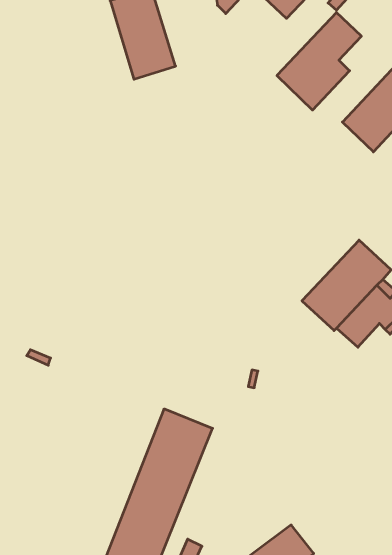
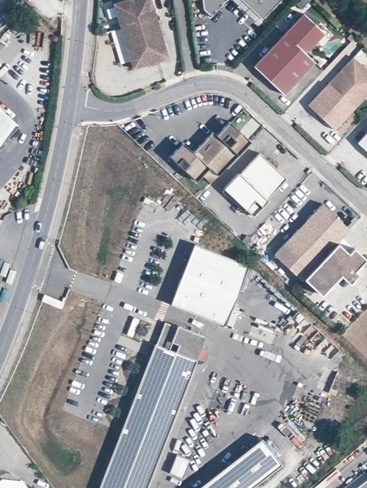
building: none -> [170,121,251,180]
building: none -> [223,153,286,216]
building: none -> [174,240,251,320]
building: none -> [159,324,208,362]

